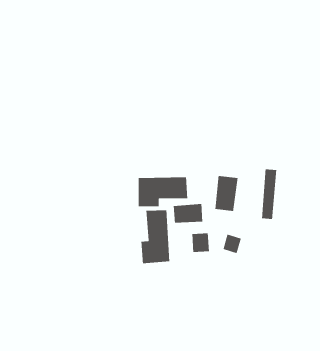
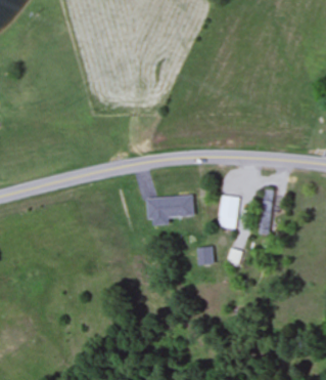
building: [173,203,203,224] -> none
building: [140,210,170,264] -> none

